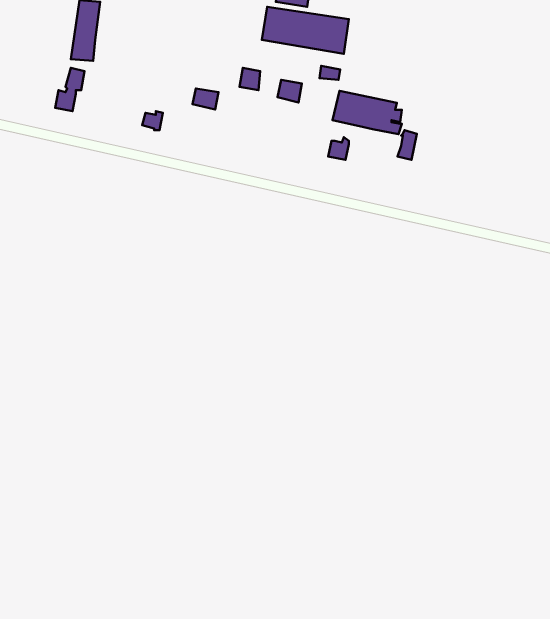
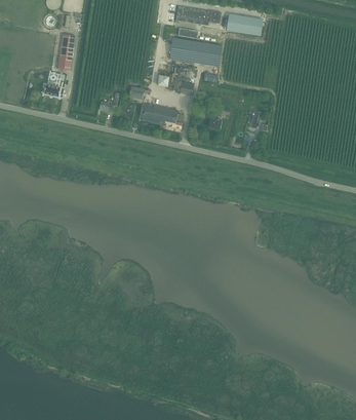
building: [332,91,402,134] -> [140,103,181,128]

